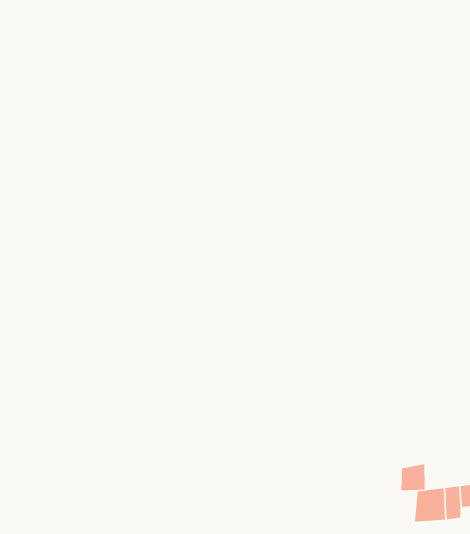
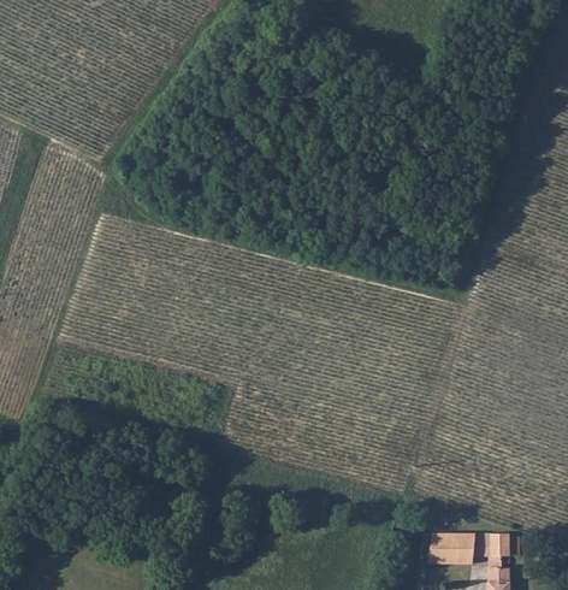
building: [401,463,425,491] -> none

